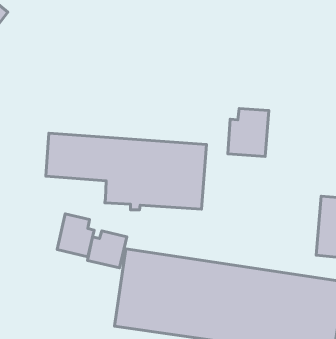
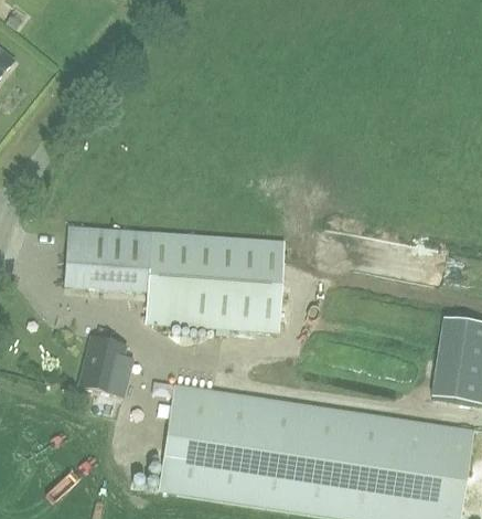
building: [228,108,269,156] -> none
building: [87,231,127,268] -> none

